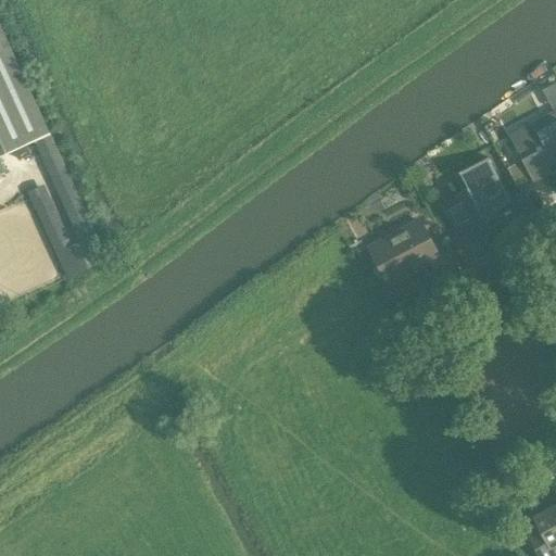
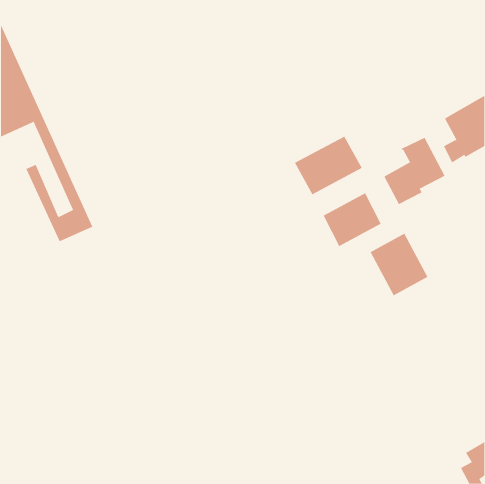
building: none -> [294,136,362,195]
building: none -> [370,233,428,296]

